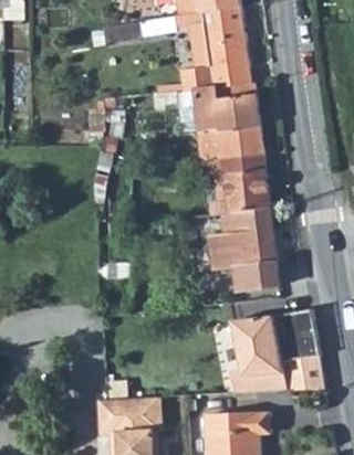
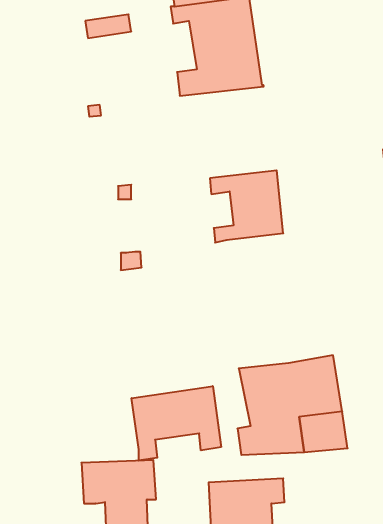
building: [179,83,263,161] -> none
building: [209,207,278,290] -> none
building: none -> [132,386,221,461]

